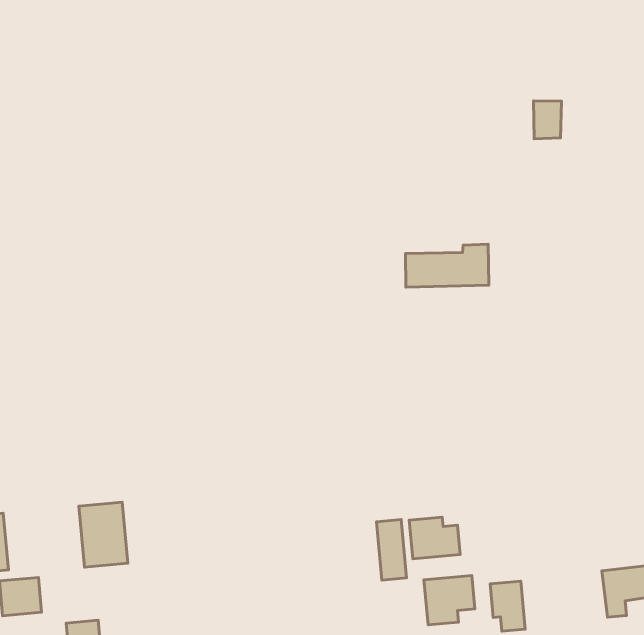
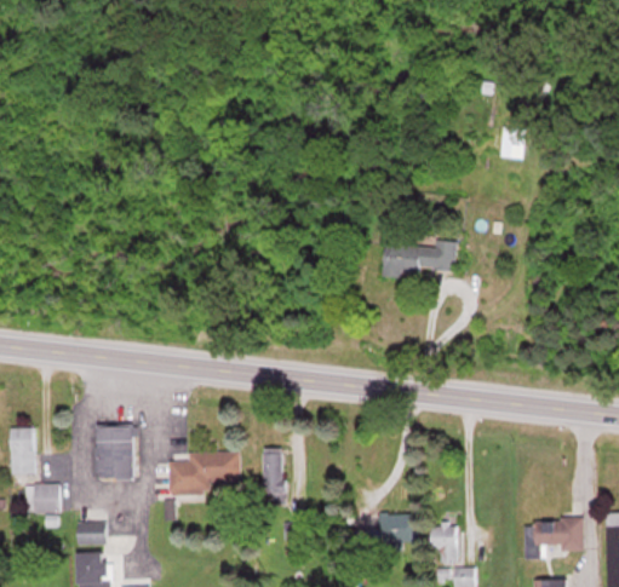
building: [409,517,460,559] -> none
building: none -> [170,451,240,493]
building: [376,520,406,580] -> [263,448,283,496]

